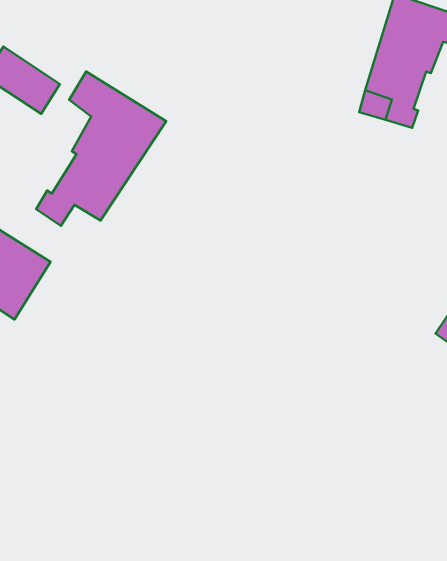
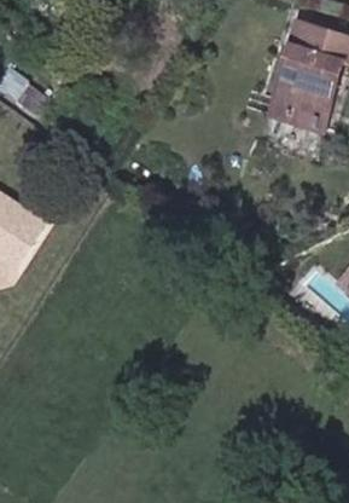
building: [36,72,166,226] -> none

